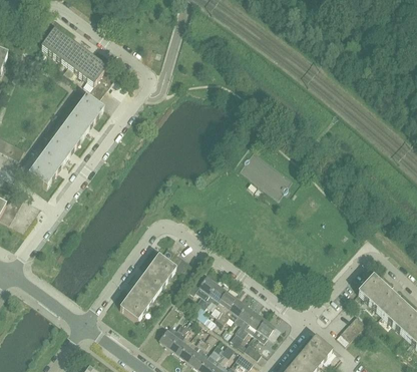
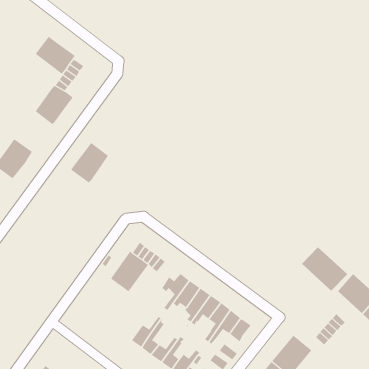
building: [41,27,80,63] -> none
building: [47,118,84,157] -> [70,142,109,183]
building: none -> [301,246,348,292]
building: [119,279,157,319] -> none

